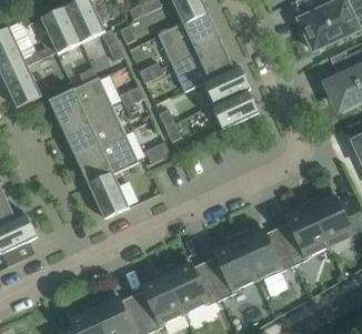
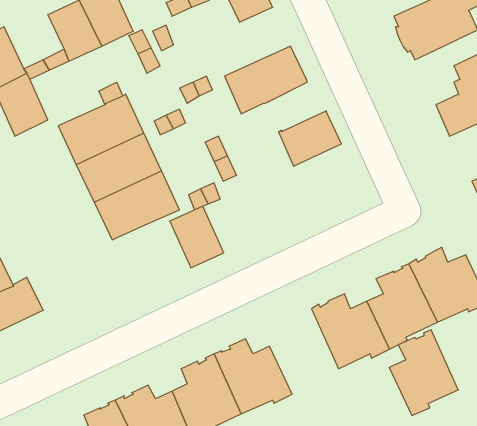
building: [158,12,221,63] -> none
building: [202,64,250,104] -> none
building: [89,173,129,219] -> [170,206,224,268]
building: [205,235,257,298] -> [389,330,458,415]

